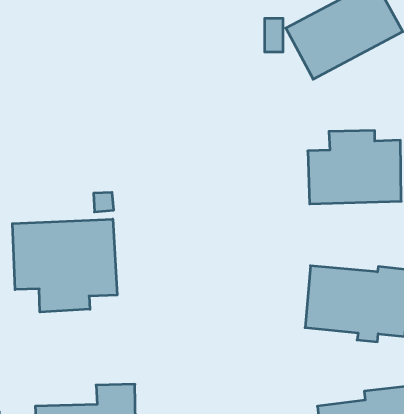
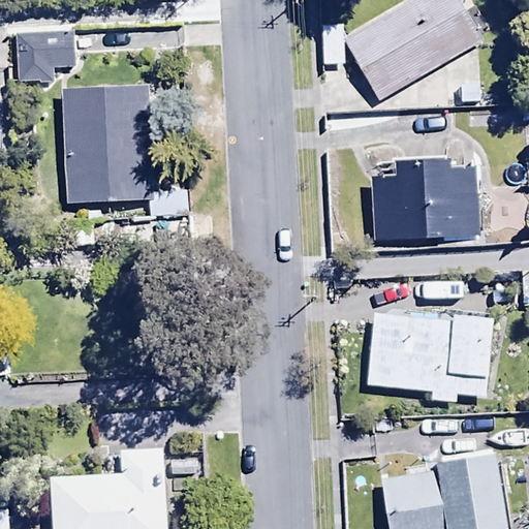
building: none -> [15,29,74,81]
building: none -> [61,85,186,217]
building: [12,219,117,312] -> none

